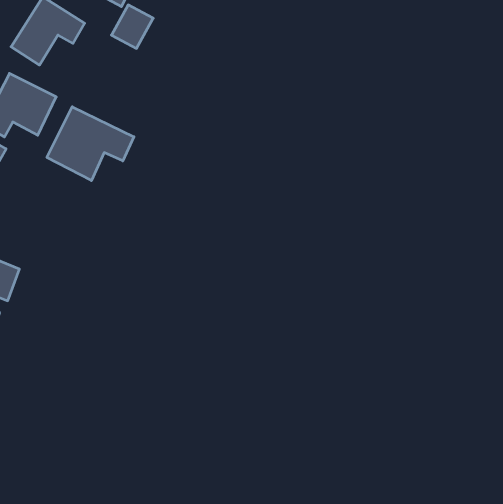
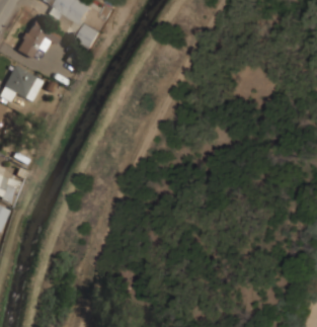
building: [47,107,134,181] -> none

